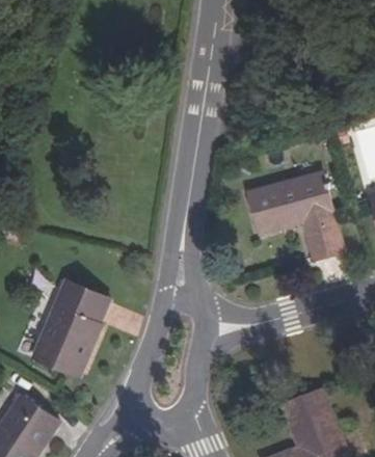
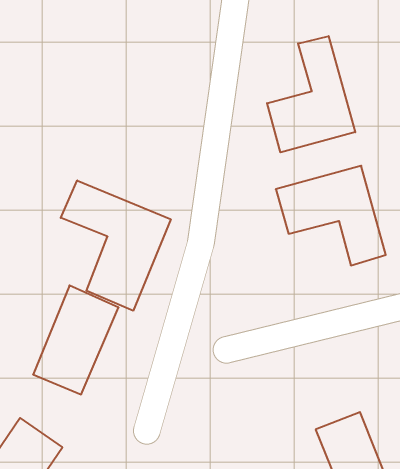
building: none -> [267,36,355,152]
building: none -> [61,180,171,311]

